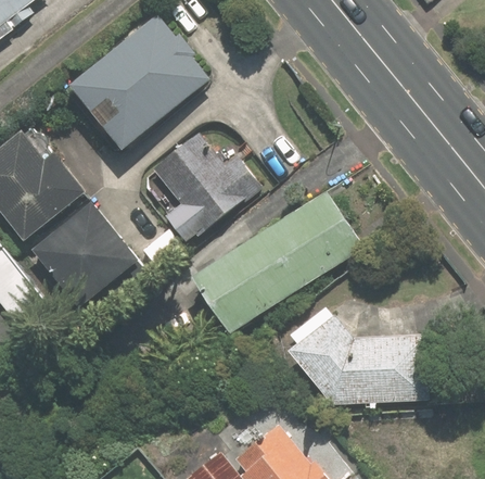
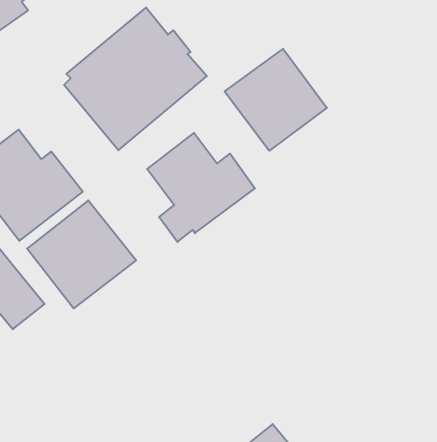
building: none -> [225,49,327,151]
building: [191,191,359,336] -> none
building: [286,315,426,405] -> none

